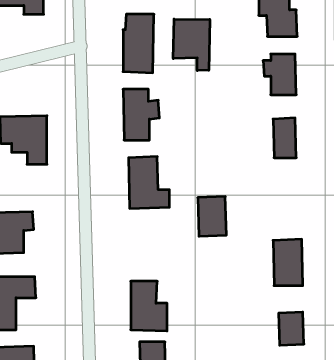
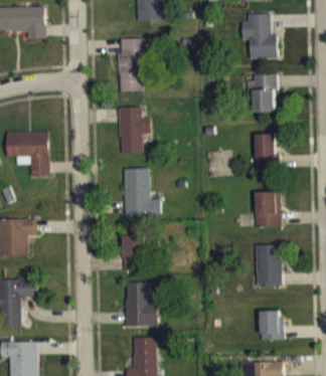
building: [173,19,210,71] -> none
building: [198,197,226,236] -> [255,191,281,227]
building: none -> [123,234,144,270]

